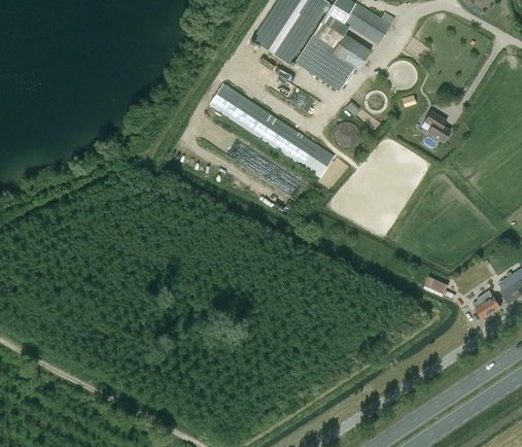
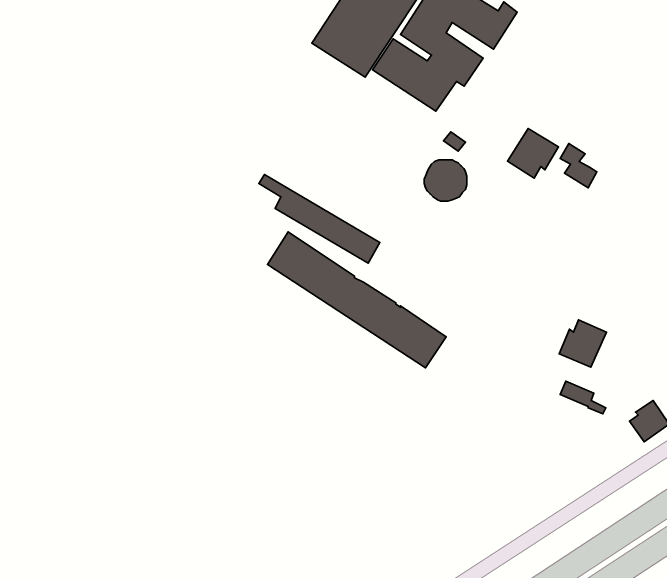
building: [209,82,334,177] -> [267,232,446,368]
building: none -> [508,128,558,178]
building: none -> [559,320,606,367]

